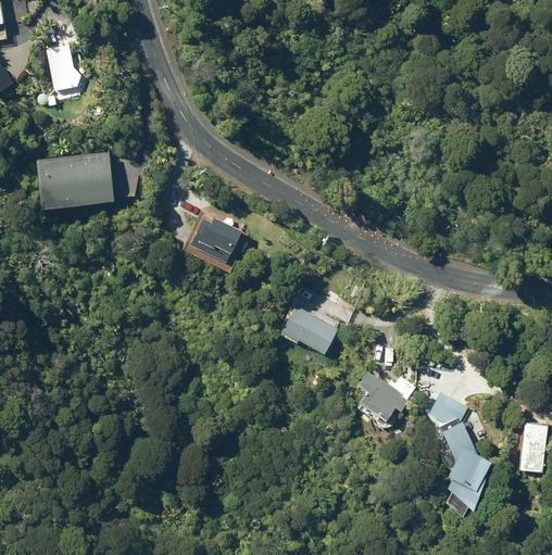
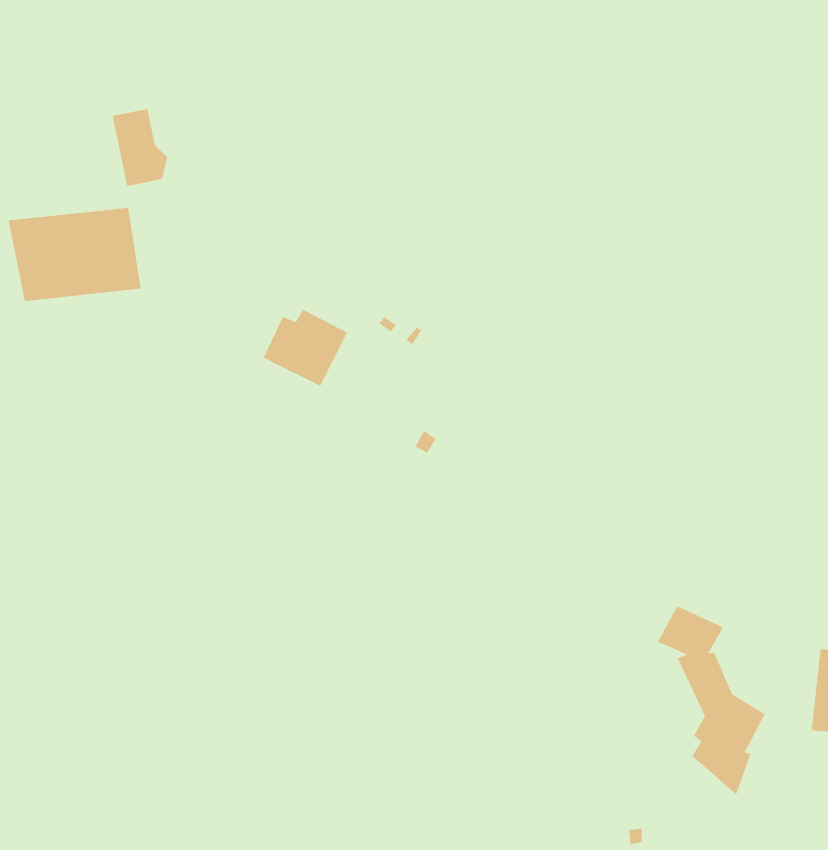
building: [47,47,80,93] -> [112,109,168,186]
building: [280,305,337,352] -> none
building: [356,369,407,421] -> none

